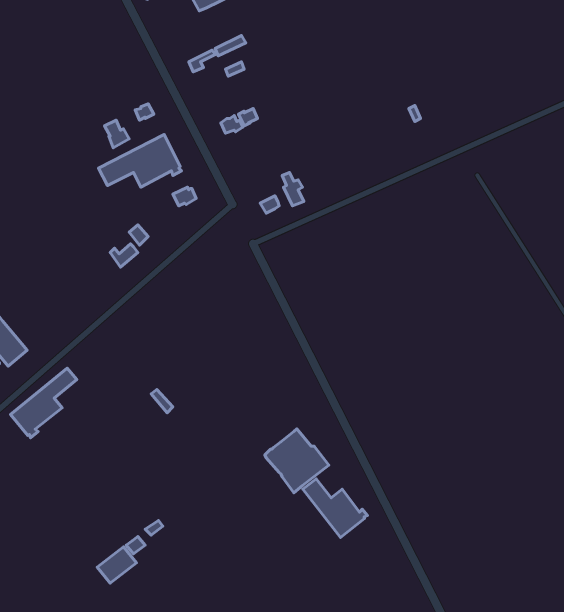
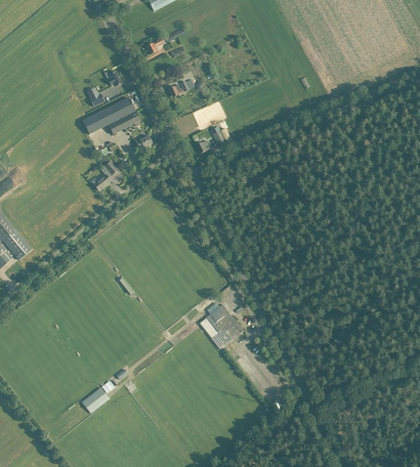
building: [10,368,77,438] -> none
building: [303,479,367,538] -> none

